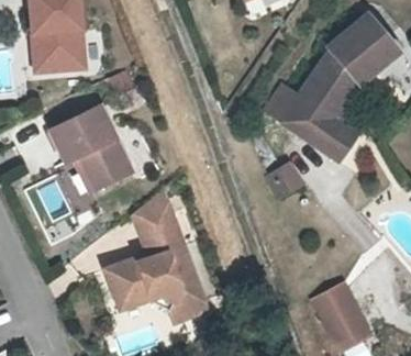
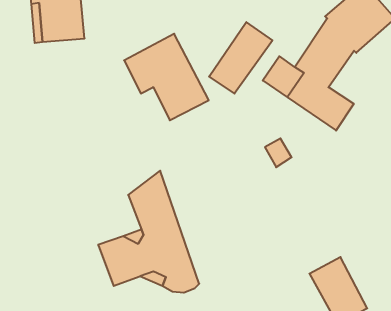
building: none -> [209,22,272,94]
building: [48,108,132,193] -> [124,34,209,120]

